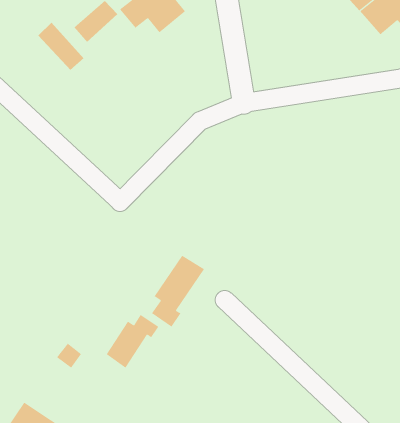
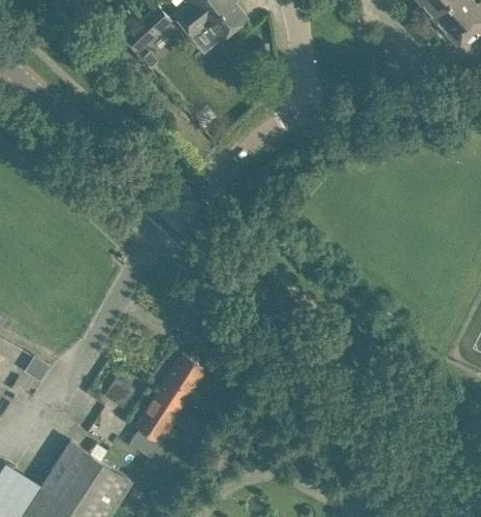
building: [37,22,85,71] -> none
building: [151,255,205,327] -> none
building: none -> [130,391,182,460]

